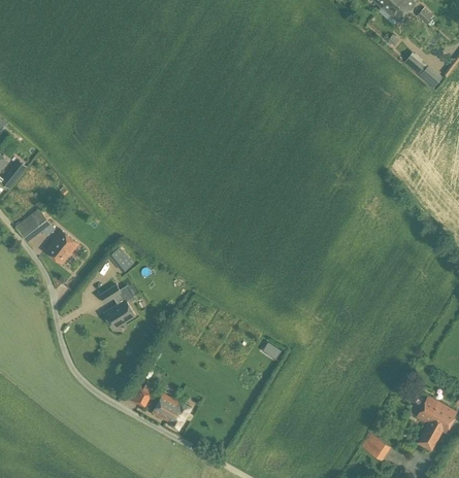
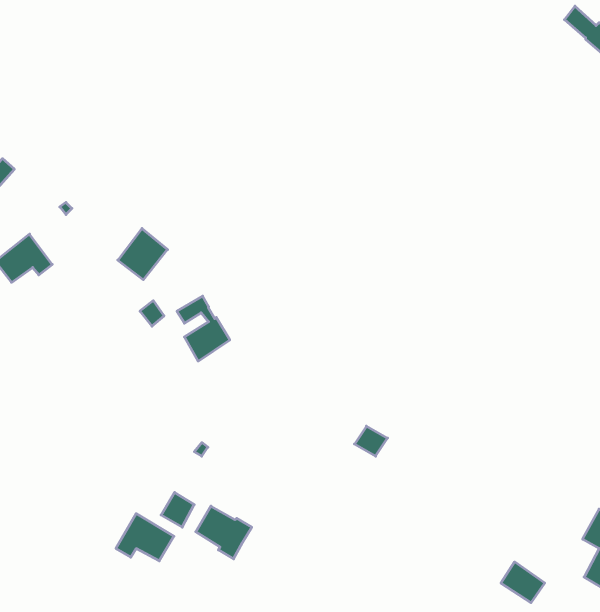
building: [44,230,78,265] -> [118,228,168,280]
building: [99,285,135,330] -> [177,296,230,361]
building: none -> [116,514,174,561]

